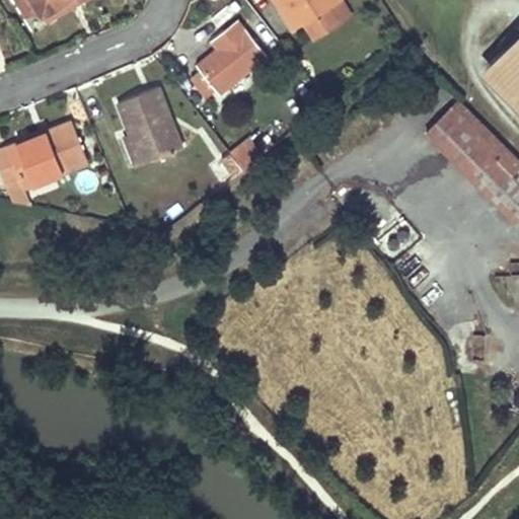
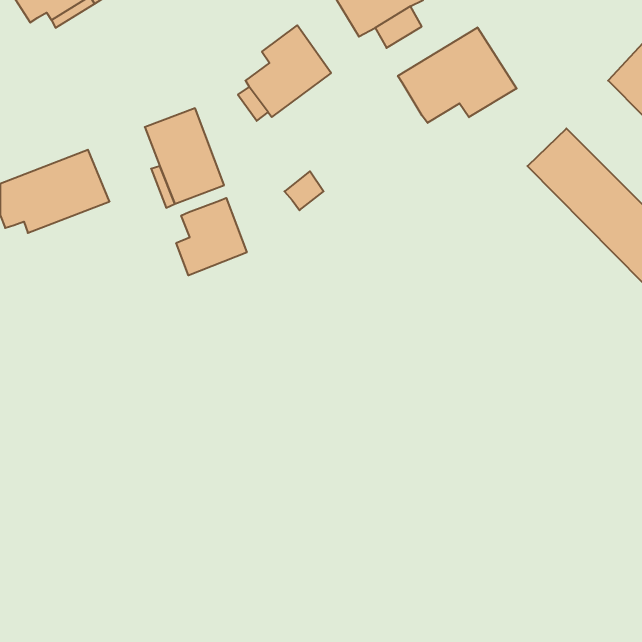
building: none -> [398,27,517,123]
building: none -> [176,198,247,275]

